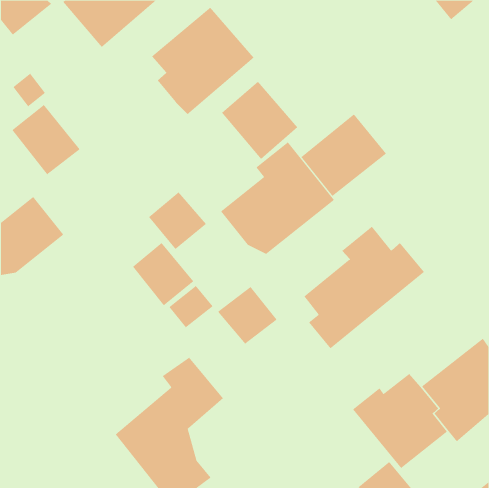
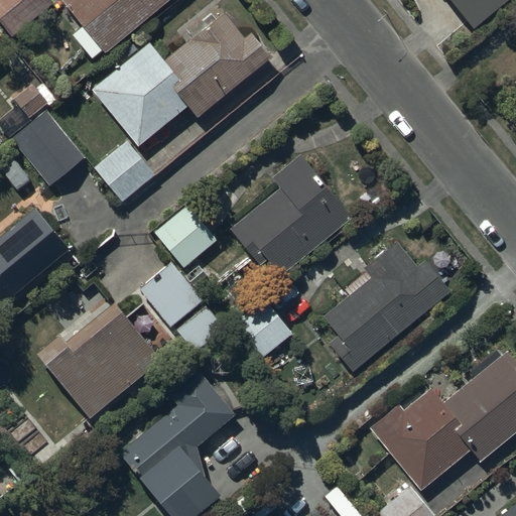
building: none -> [96,45,184,144]
building: [221,81,298,160] -> none
building: [300,114,387,197] -> none
building: none -> [95,141,156,203]
building: none -> [36,303,161,415]

